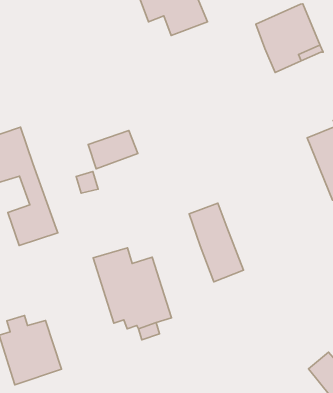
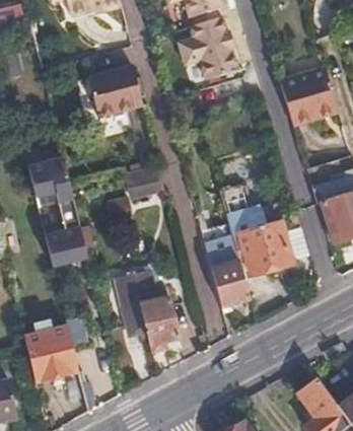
building: none -> [87,65,141,118]
building: none -> [218,186,292,275]

